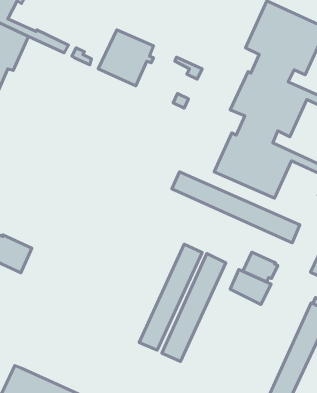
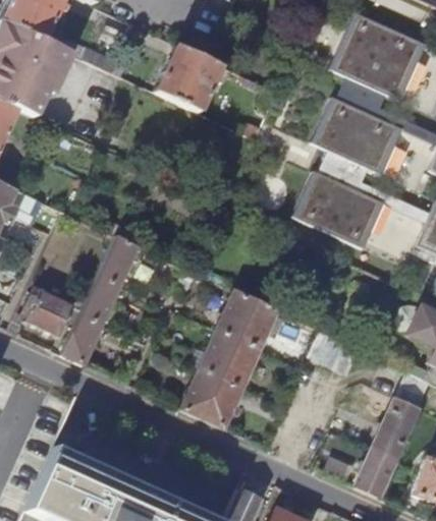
building: [172,172,300,243] -> none
building: none -> [63,237,141,366]
building: [243,252,278,282] -> none
building: [162,254,226,362] -> [180,291,257,420]

